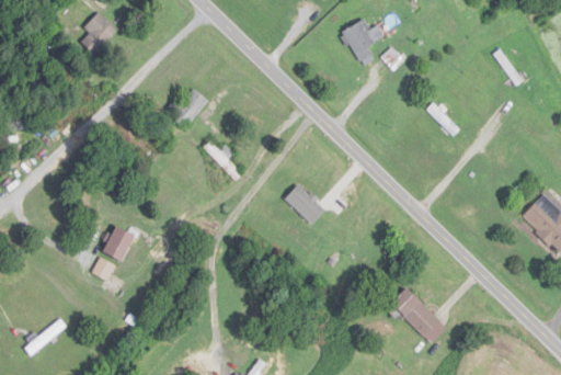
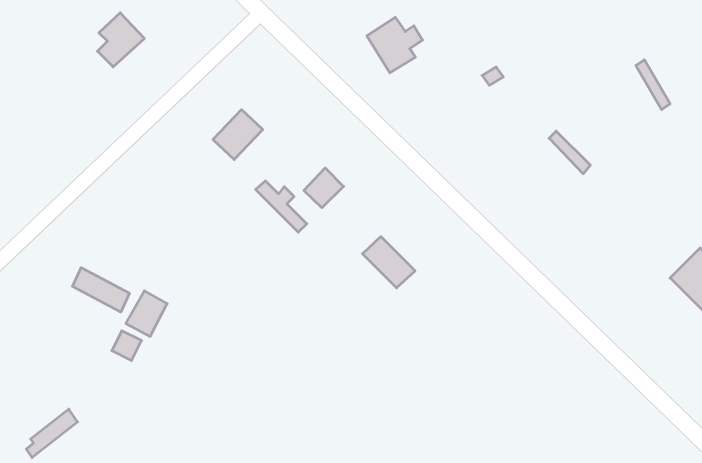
building: [341,19,383,61] -> [367,17,423,73]
building: none -> [304,168,344,208]
building: none -> [72,268,129,312]
building: [391,286,439,336] -> none

